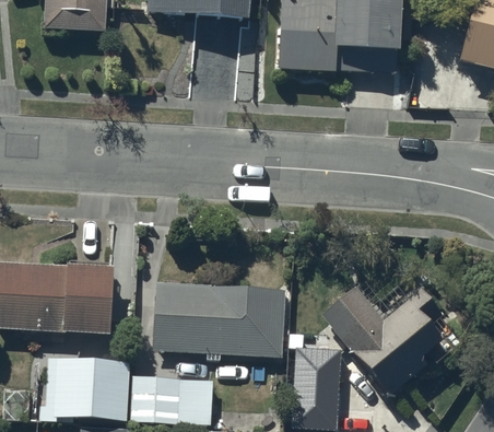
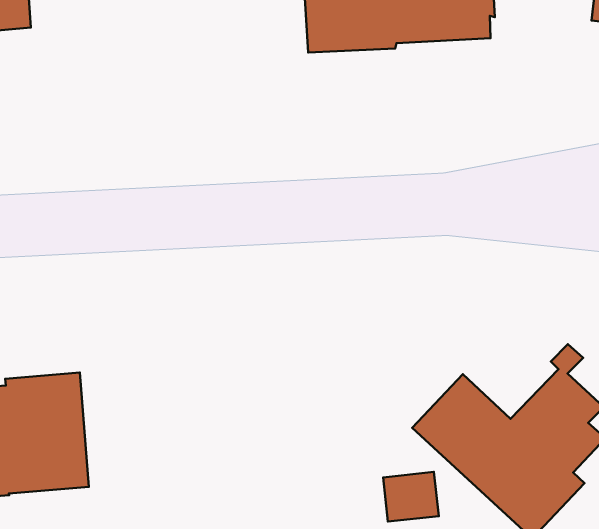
building: [153,281,285,359] -> none

